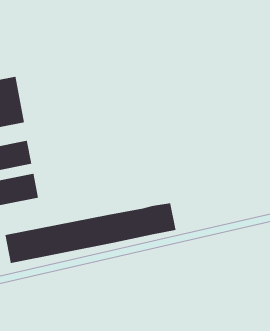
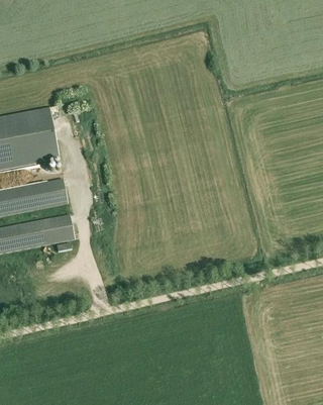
building: [5,202,176,264] -> none

